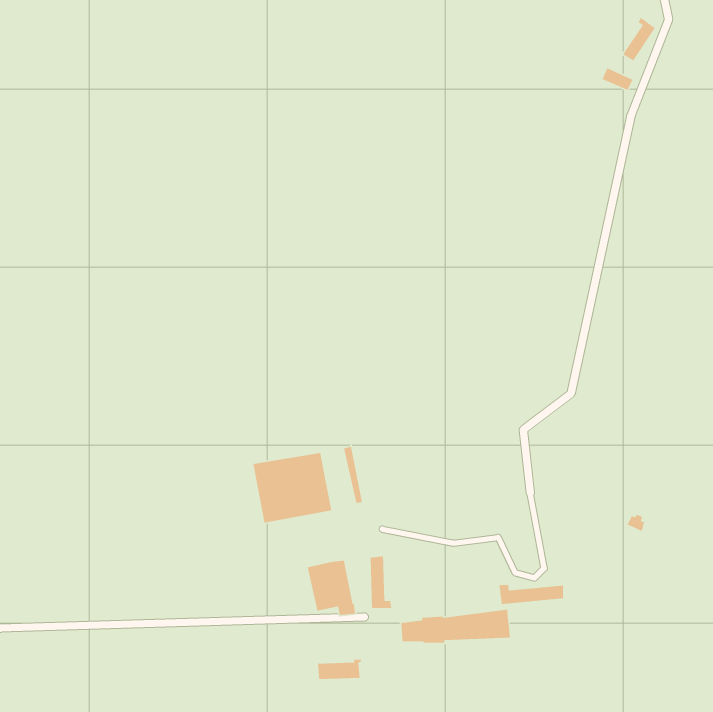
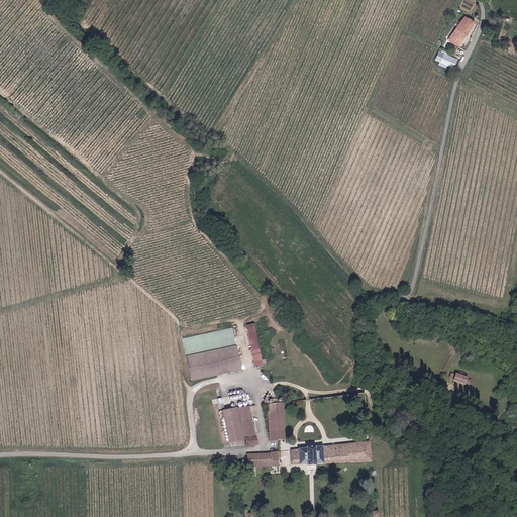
building: [499,584,564,605] -> none
building: [317,659,362,680] -> [246,451,279,467]

